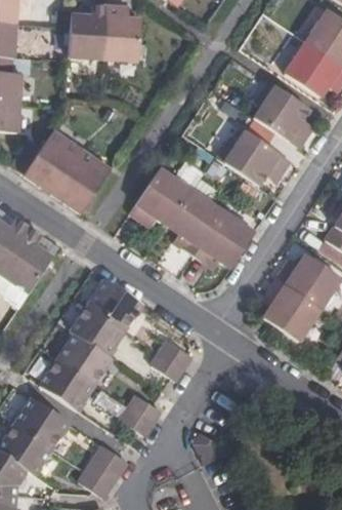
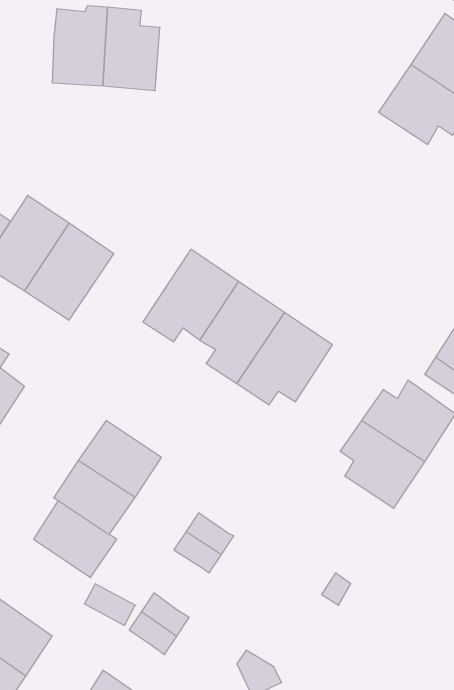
building: [251,79,310,147] -> none
building: [214,126,291,186] -> none
building: [40,359,95,411] -> none

